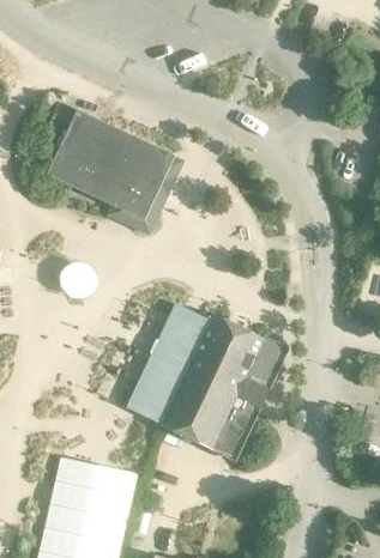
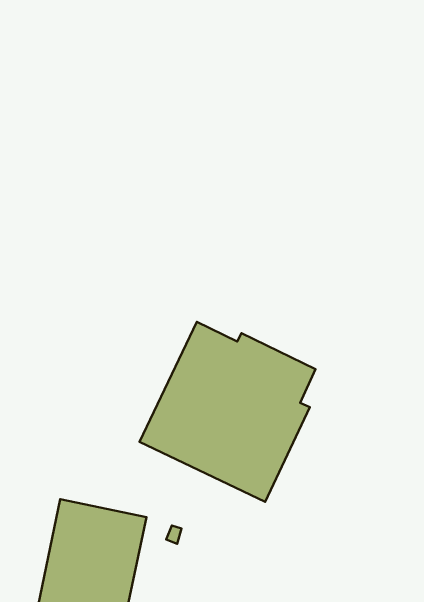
building: [47,111,175,222] -> none

